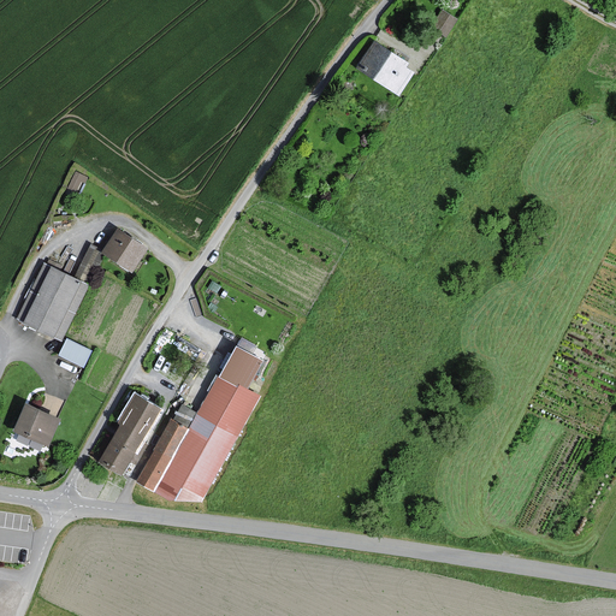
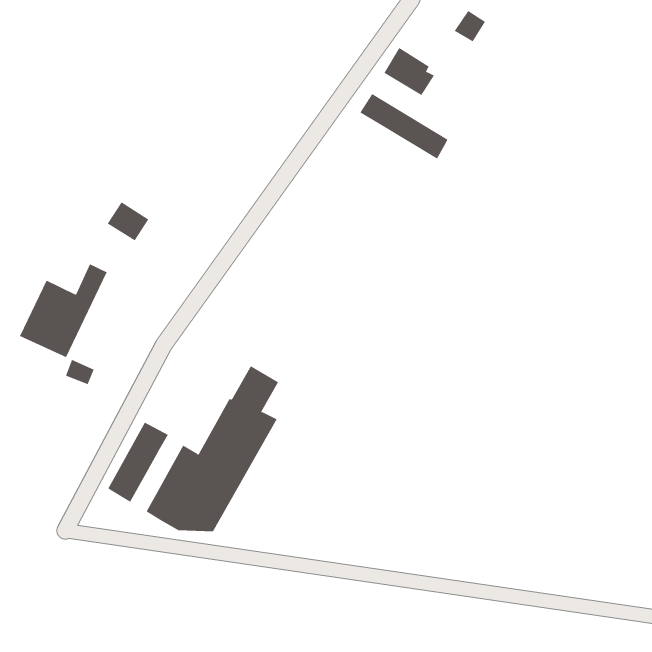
building: none -> [359,93,448,159]
building: [105,230,144,267] -> [107,202,149,241]
building: [14,404,58,444] -> none

